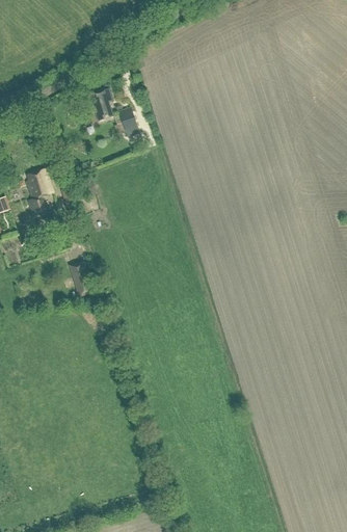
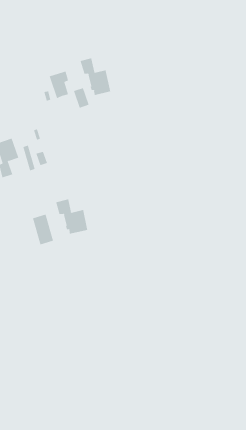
building: none -> [80,58,111,96]
building: none -> [55,198,88,235]

